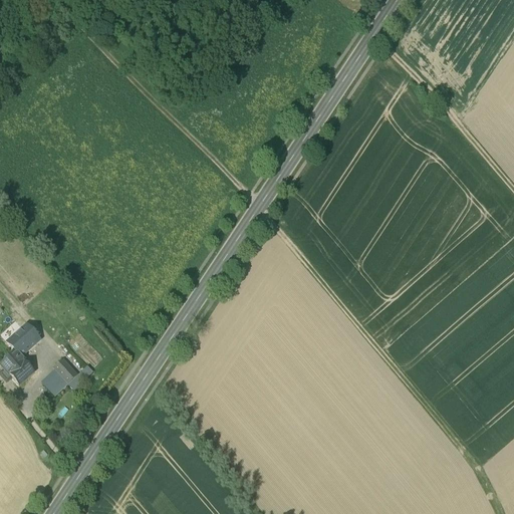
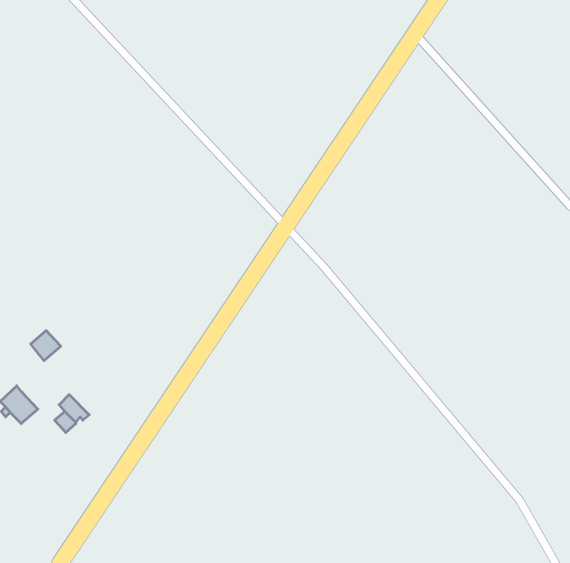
building: [8,326,35,353] -> [31,331,61,361]

